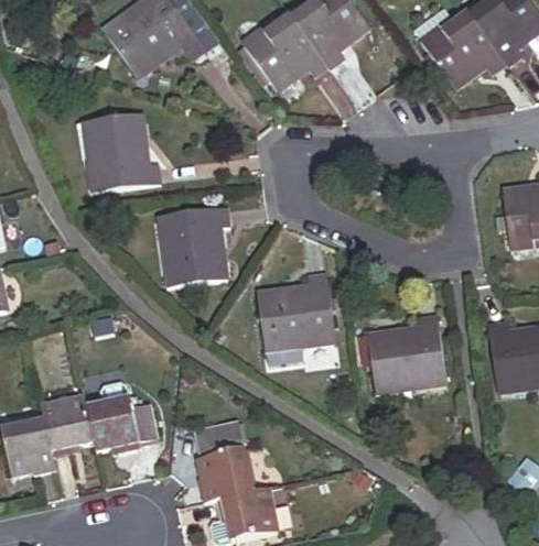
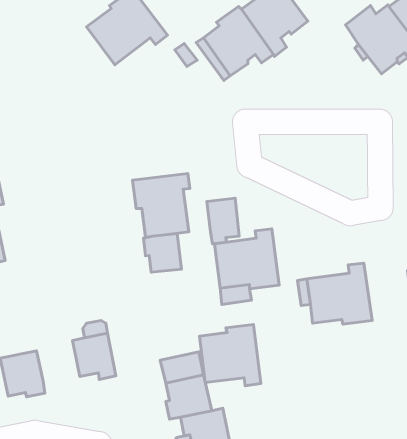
building: [88,114,161,192] -> none
building: none -> [207,198,239,244]
building: none -> [143,234,182,272]
building: none -> [199,324,261,386]
building: [42,395,95,456] -> none

